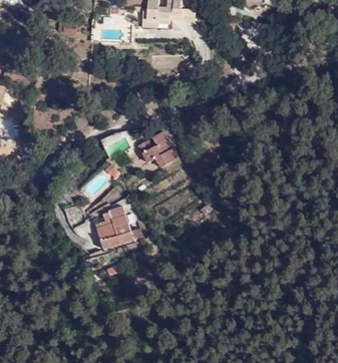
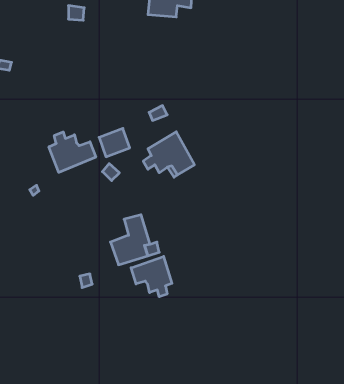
building: none -> [49,132,96,172]
building: none -> [131,256,172,297]

